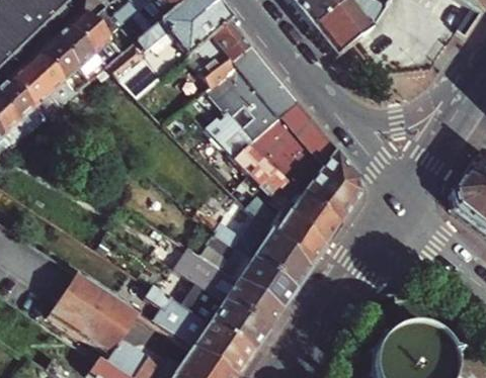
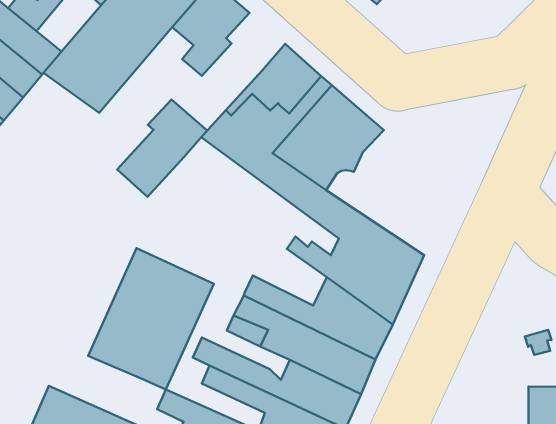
building: [206,45,269,107] -> [117,99,207,197]
building: [280,137,360,224] -> none
building: none -> [88,248,214,389]

